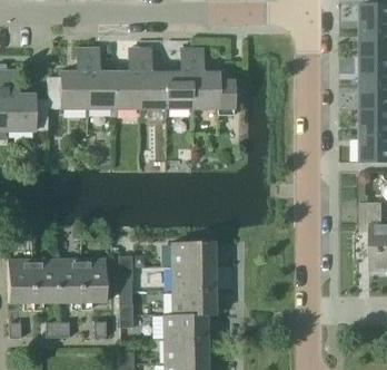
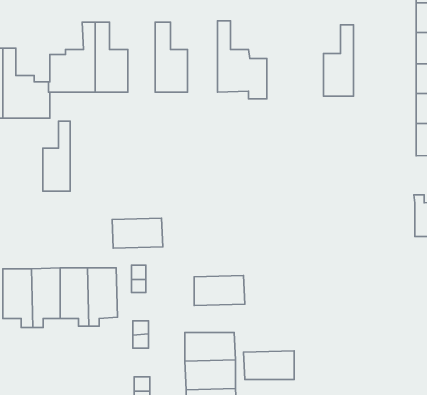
building: [166,46,191,107] -> [324,25,354,96]
building: [115,47,138,107] -> [43,121,70,191]
building: [170,240,214,265] -> [112,218,163,248]
building: [171,289,215,313] -> [244,351,294,379]

